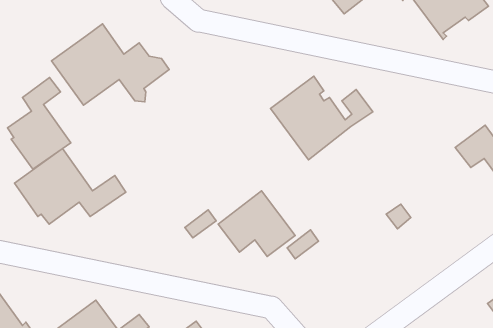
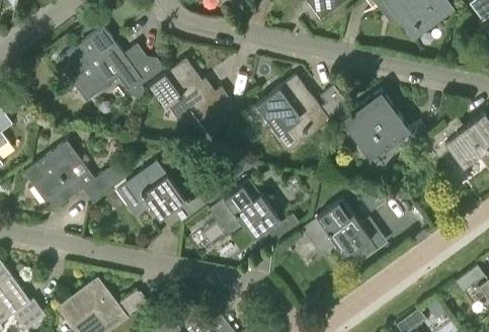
building: none -> [150,59,236,138]
building: [7,77,71,169] -> none
building: none -> [341,91,426,160]
building: none -> [115,161,185,220]
building: none -> [302,199,385,258]

